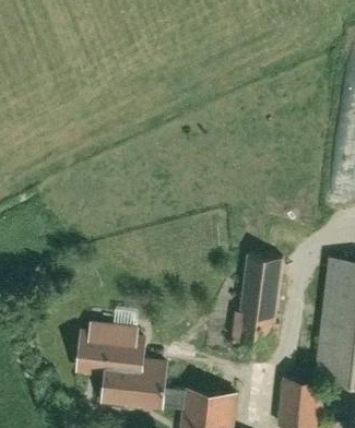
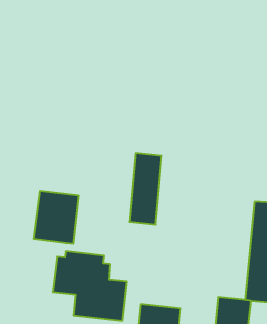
building: none -> [34,191,78,244]
building: [239,255,280,345] -> [129,153,162,225]

